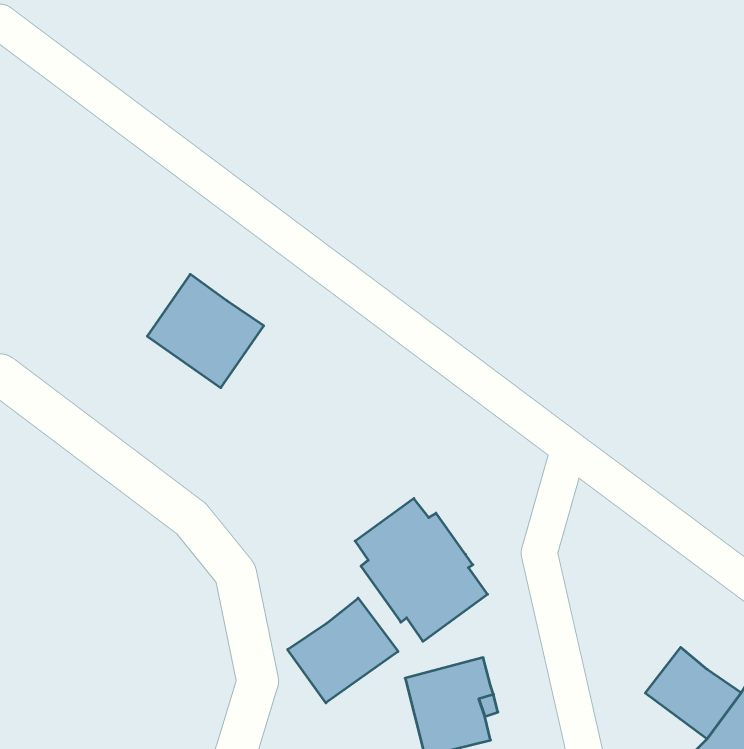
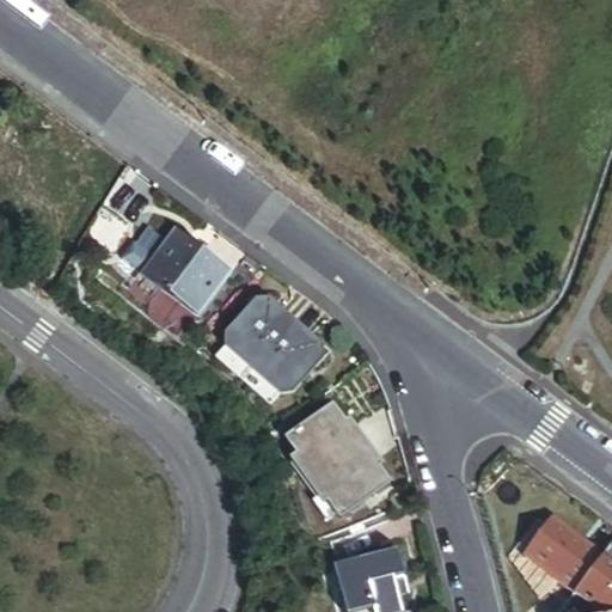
building: none -> [220,295,318,387]
building: [288,598,398,703] -> none

